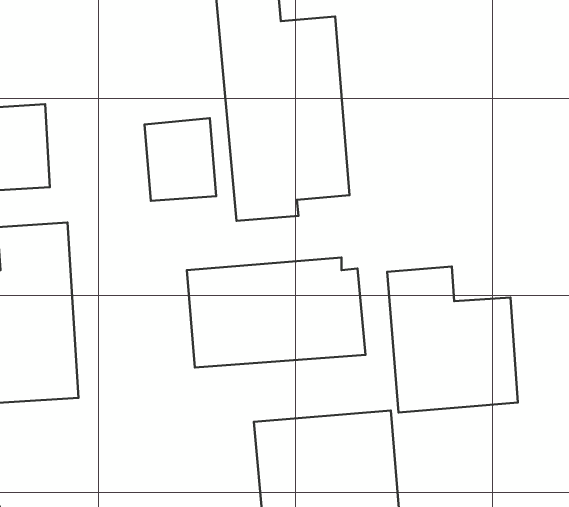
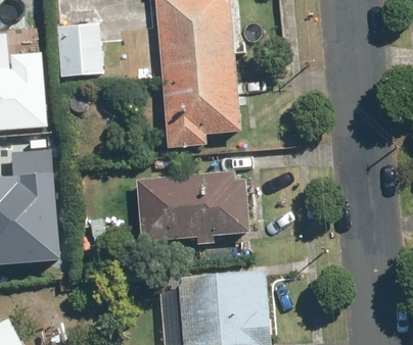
building: [144,118,216,201] -> [56,22,102,76]
building: [387,267,518,412] -> none

